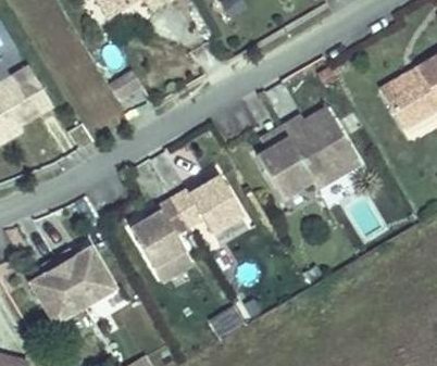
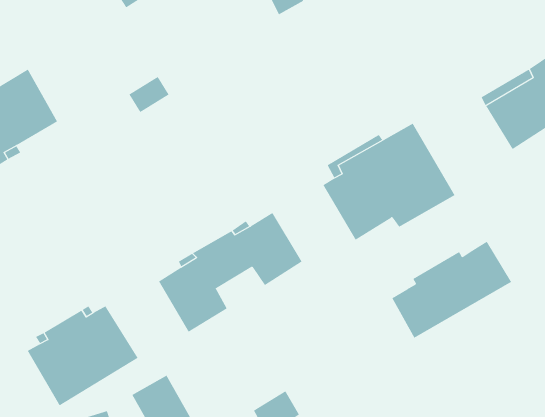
building: none -> [392,241,512,338]

